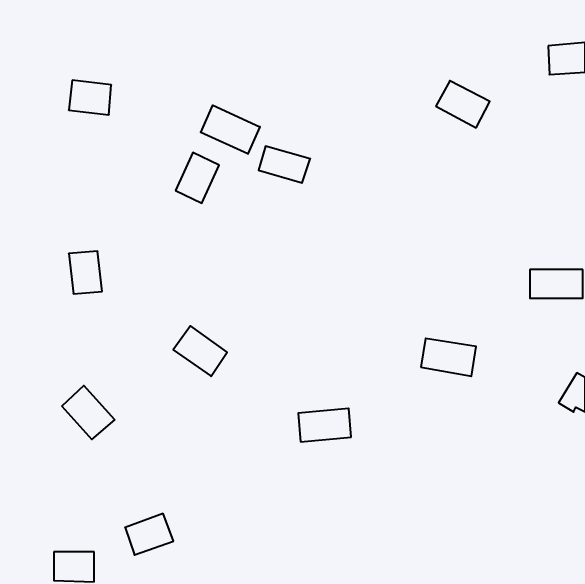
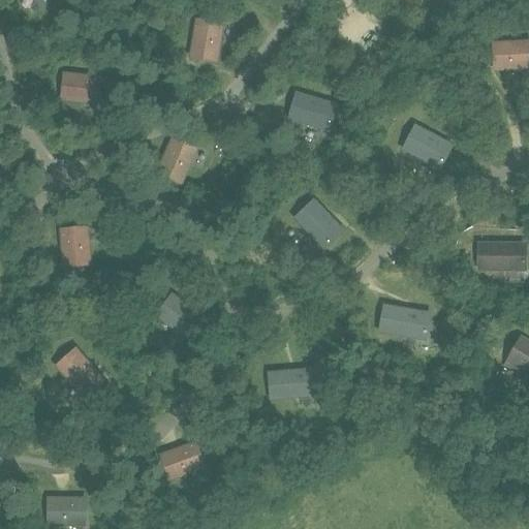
building: none -> [191,19,222,59]
building: [436,81,490,128] -> [403,125,452,167]
building: [201,105,260,154] -> none
building: [259,146,310,183] -> [288,96,335,129]
building: none -> [294,198,342,247]
building: [125,514,173,555] -> [161,441,205,478]

